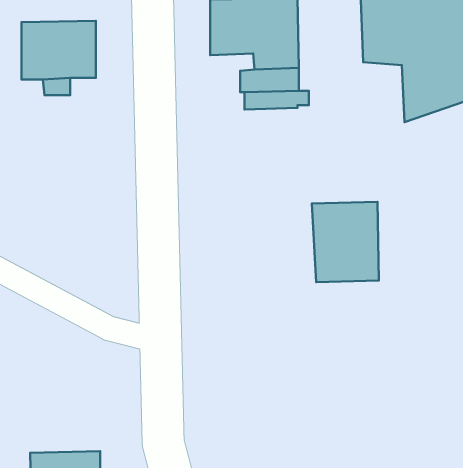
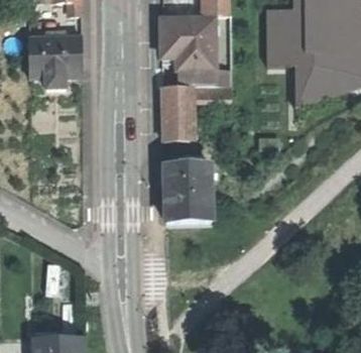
building: none -> [162,86,186,140]
building: [312,202,379,282] -> [162,165,210,222]

